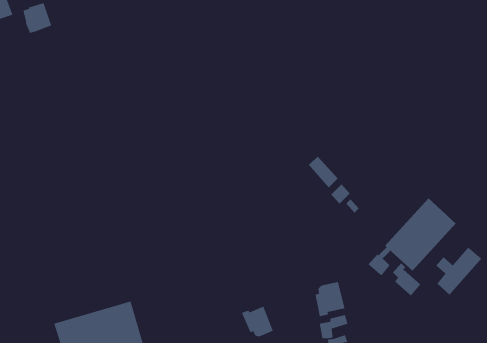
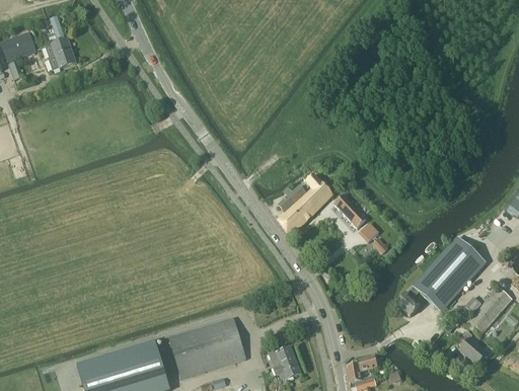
building: none -> [277,175,332,237]
building: [392,263,421,297] -> [457,330,487,365]
building: none -> [168,318,245,378]
building: [315,281,346,317] -> none

